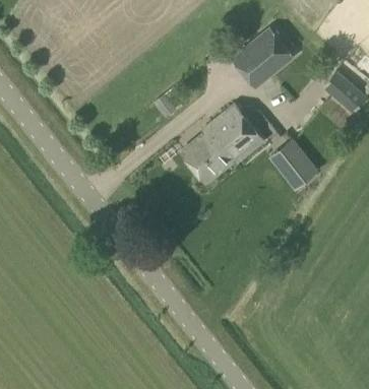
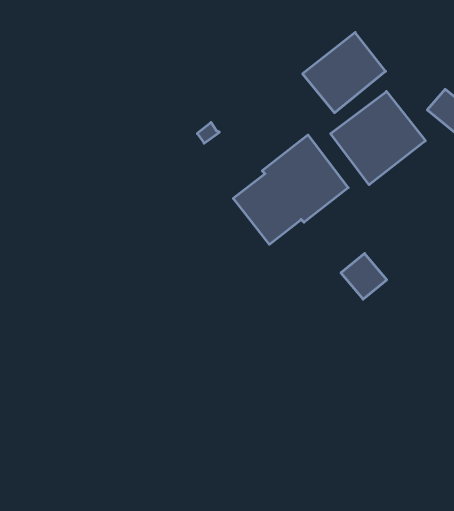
building: none -> [331,91,425,185]
building: [284,150,317,184] -> [341,253,387,299]

